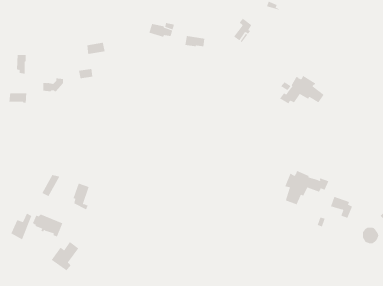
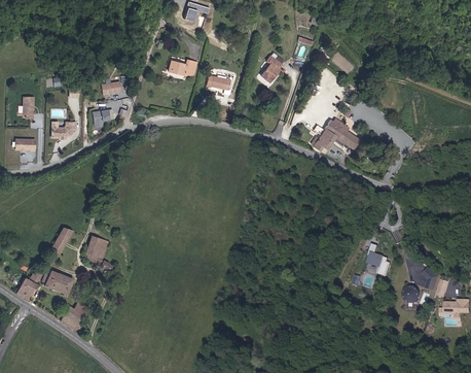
building: [285,170,329,205] -> none

